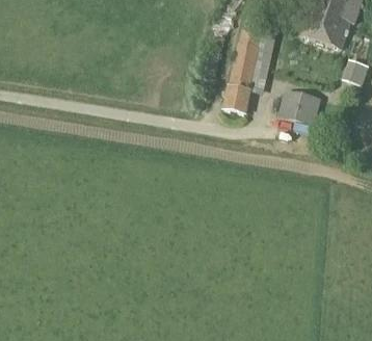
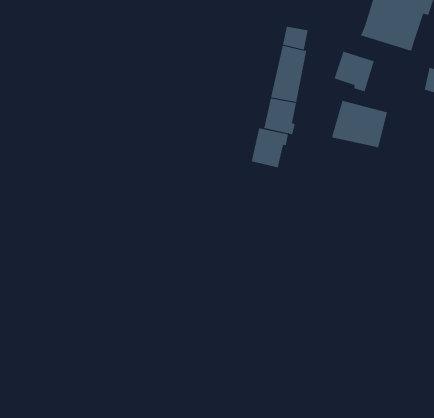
building: none -> [334,51,375,92]
building: none -> [251,128,288,168]

